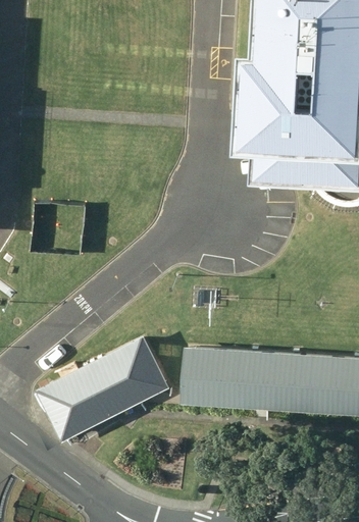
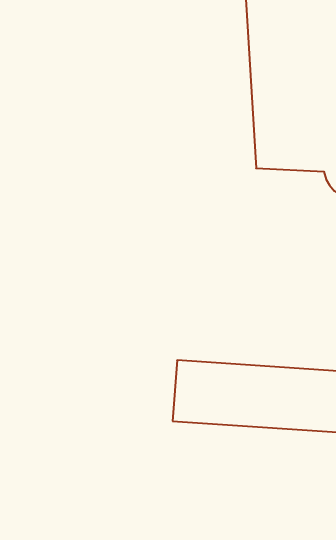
building: [38,338,168,442] -> none

